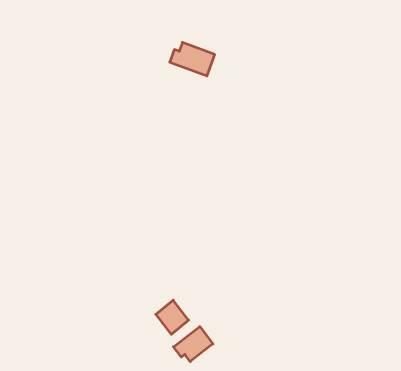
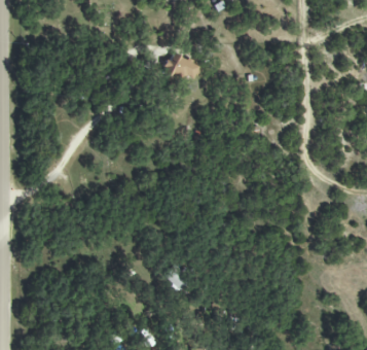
building: [173,327,213,362] -> none

